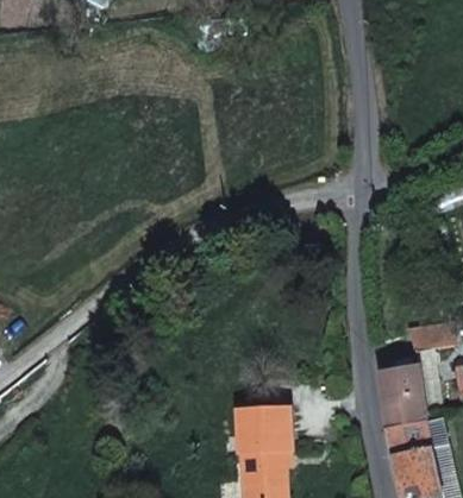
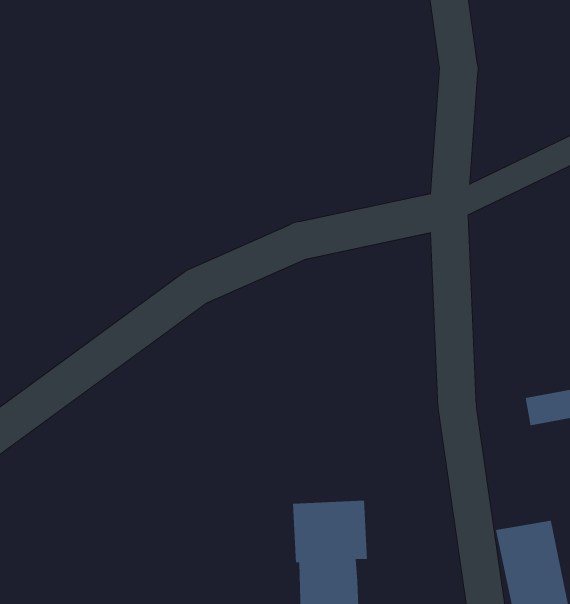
building: [380,366,426,427] -> none

